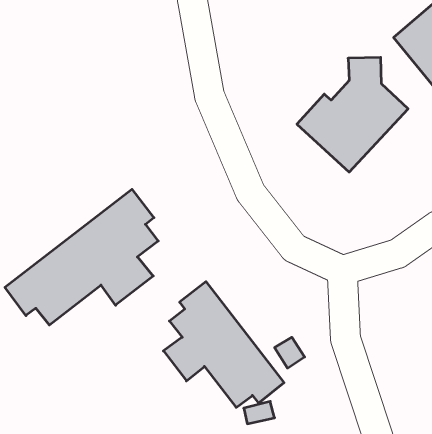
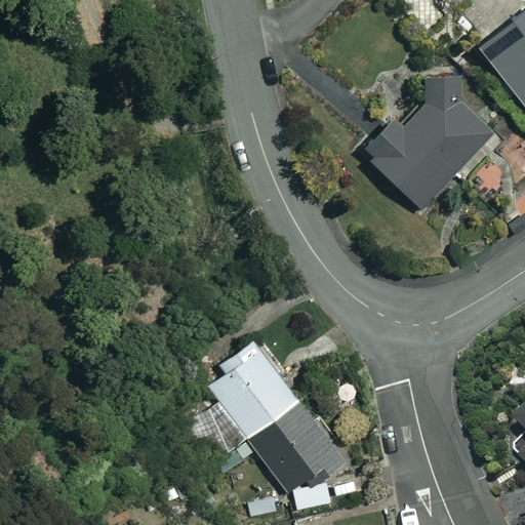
building: [5,189,158,325] -> none

